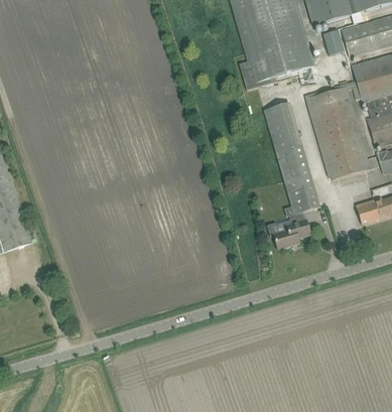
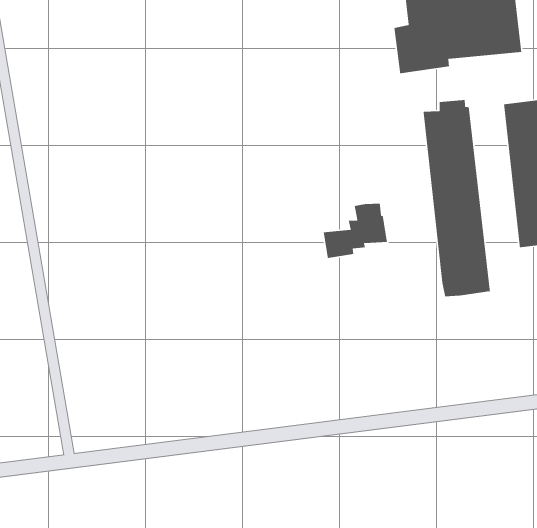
building: [272,212,310,249] -> [323,203,388,259]

